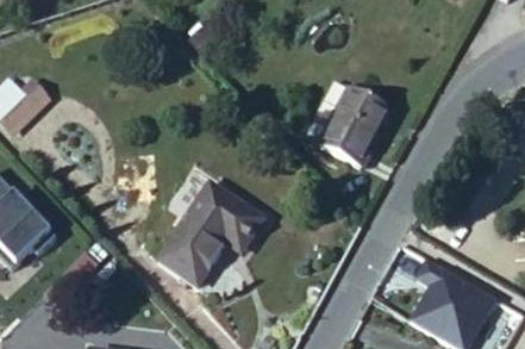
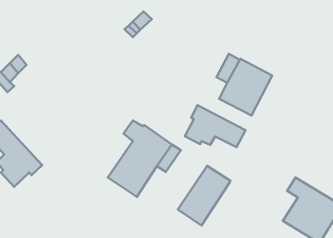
building: none -> [185,105,245,147]
building: none -> [178,166,230,226]

